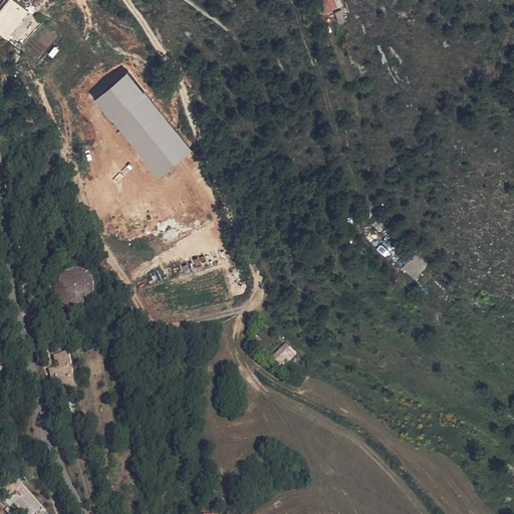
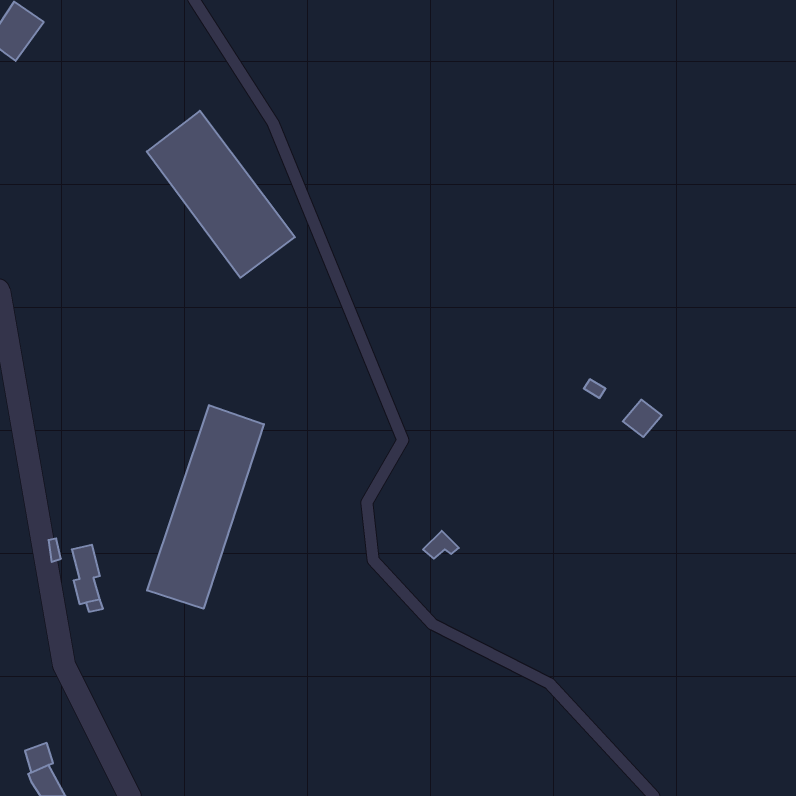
building: none -> [147,405,264,609]
building: [58,269,91,302] -> none

